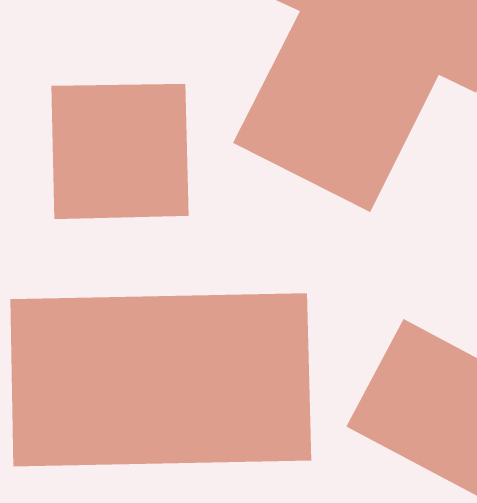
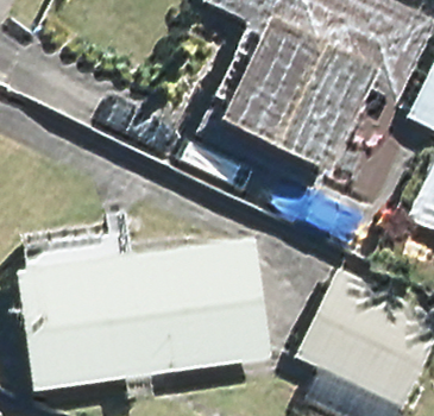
building: [51,83,190,220] -> none

